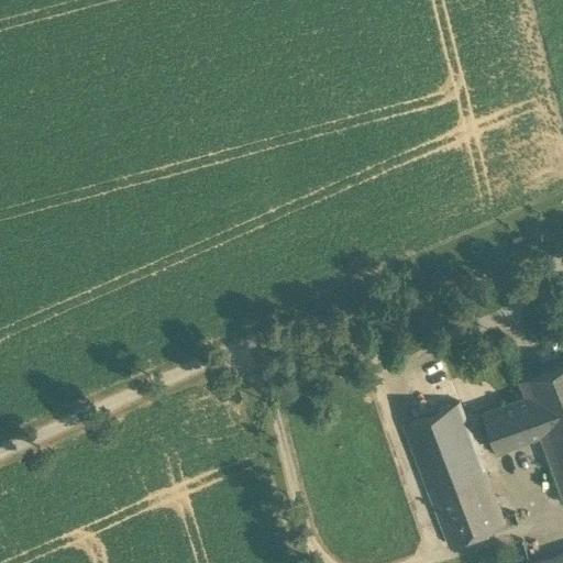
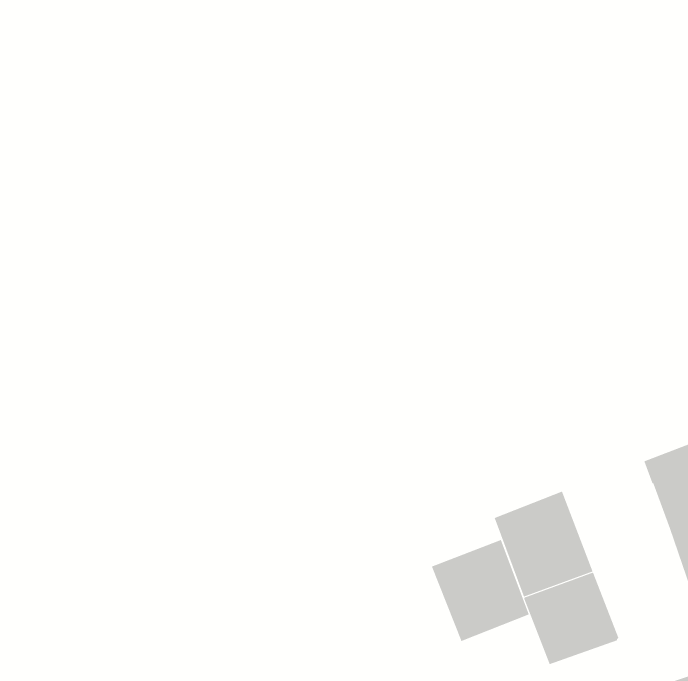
building: [484,400,547,455] -> none
building: none -> [431,539,530,642]

